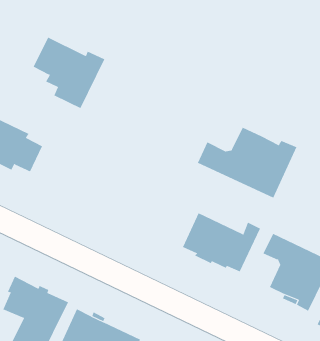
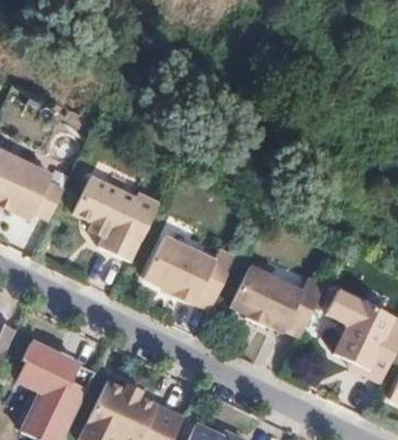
building: [33,37,105,109] -> [73,176,159,262]
building: [197,127,297,198] -> none
building: none -> [143,236,235,309]

